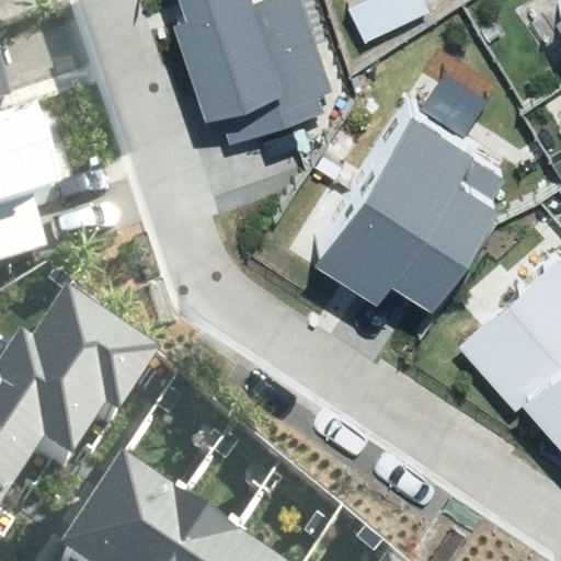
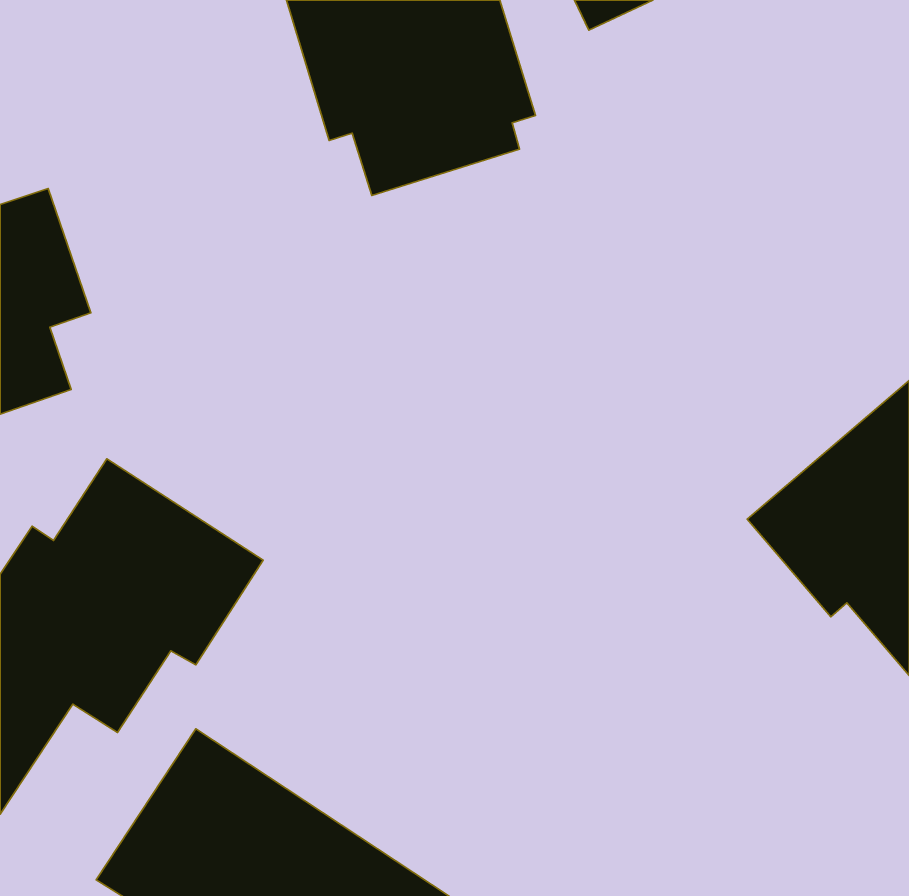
building: [316,90,513,282] -> none

